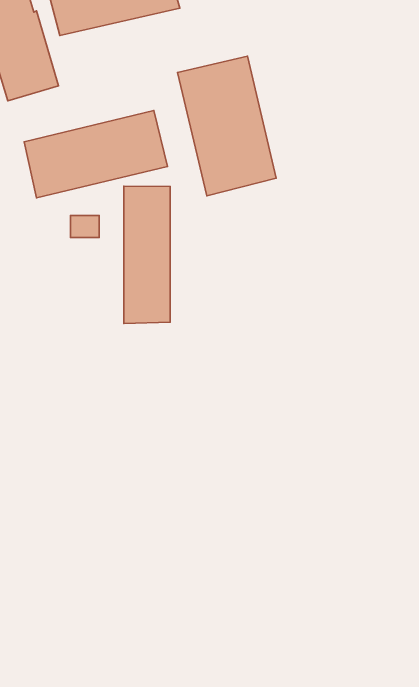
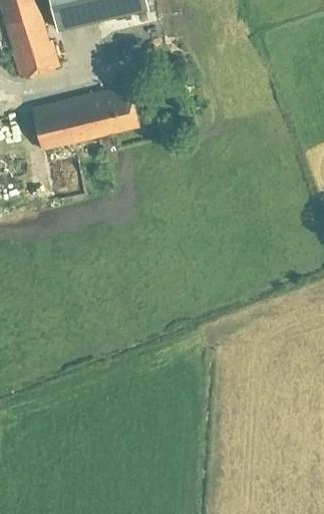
building: [177,56,276,196] -> none
building: [124,186,170,323] -> none

